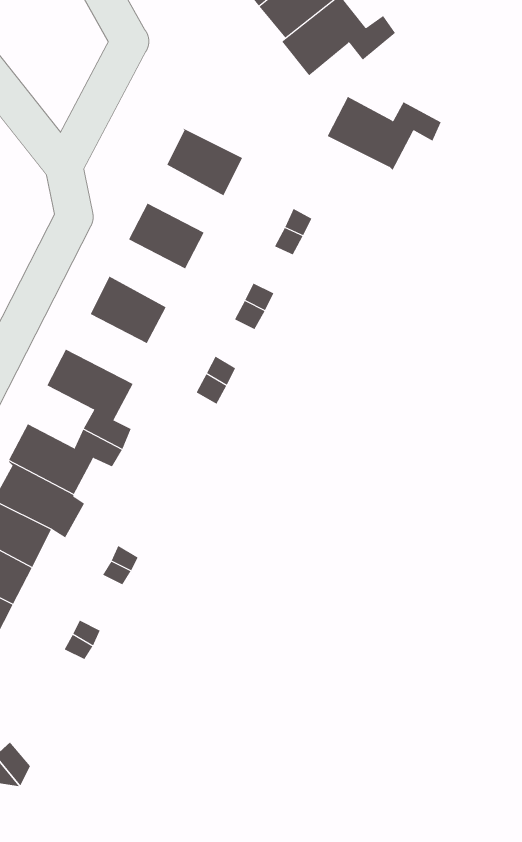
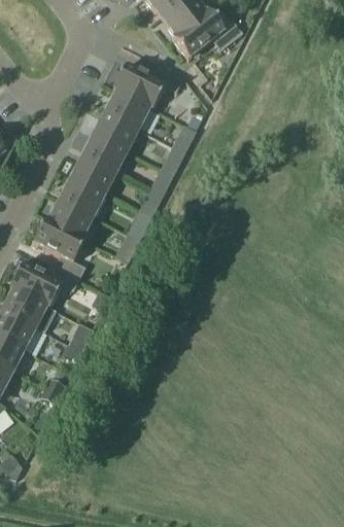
building: [327,96,441,171] -> [113,62,181,106]
building: none -> [94,108,139,148]
building: none -> [71,152,116,192]
building: none -> [45,197,94,238]

